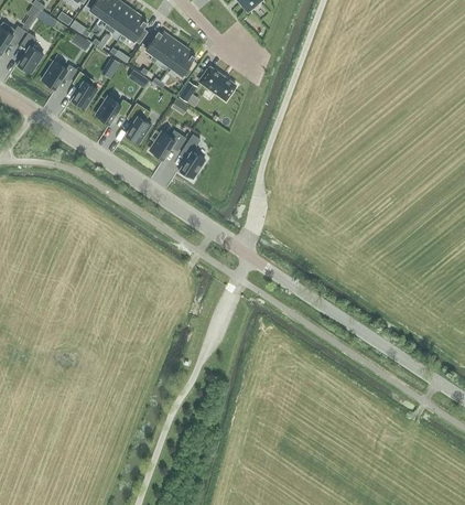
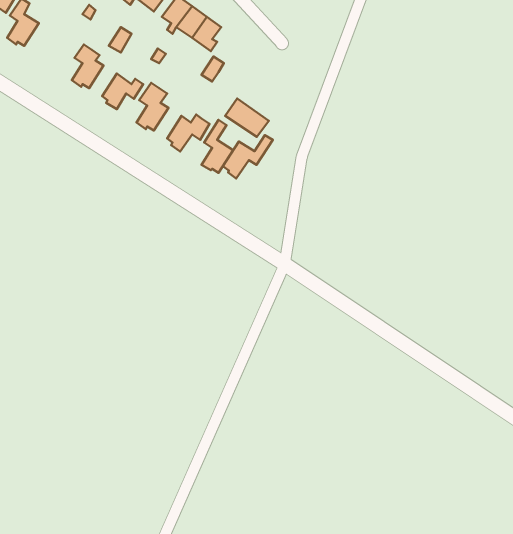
building: [42,60,76,89] -> none
building: [199,66,236,98] -> [225,99,269,137]
building: none -> [223,135,273,179]

